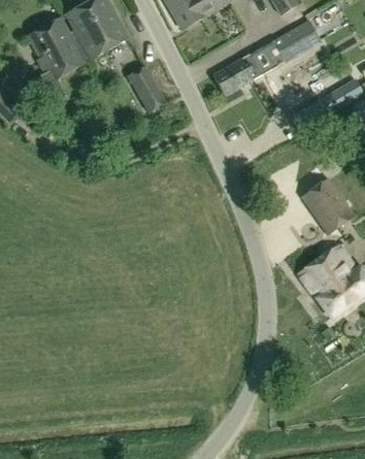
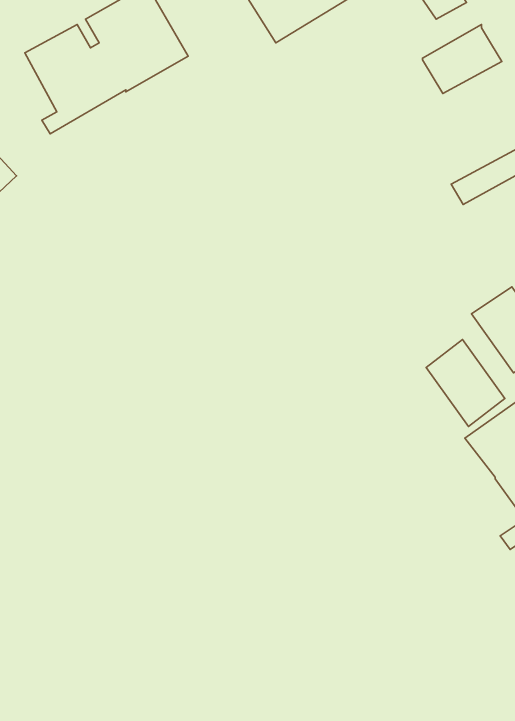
building: [212,43,275,95] -> none
building: [130,67,167,112] -> none
building: none -> [426,339,505,426]

